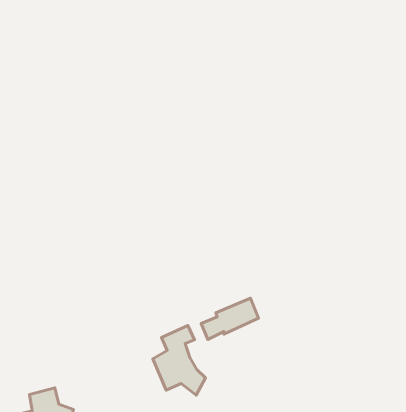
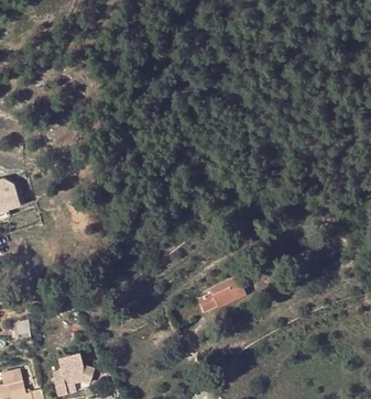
building: [153,325,205,395] -> none

